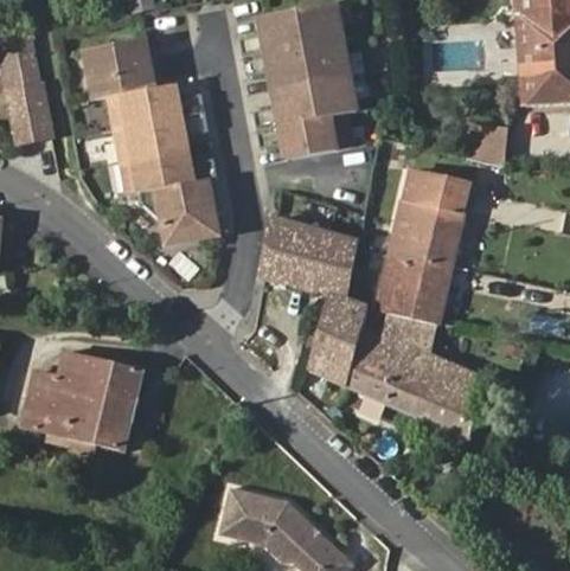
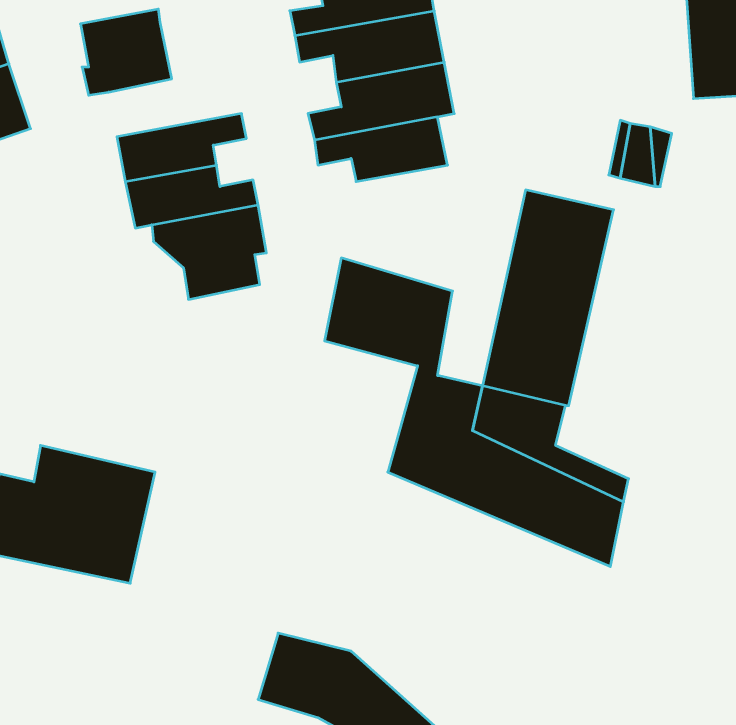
building: [110,85,205,130] -> none

